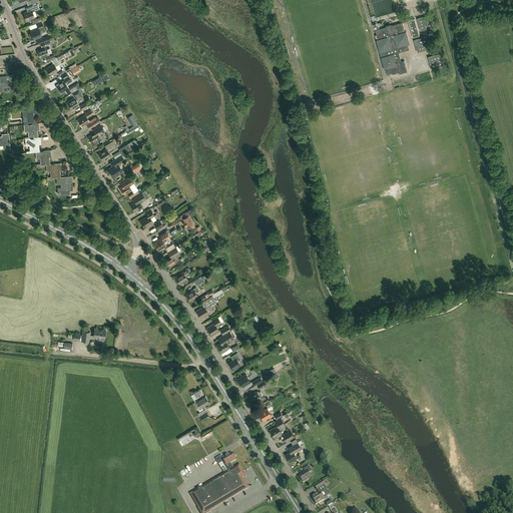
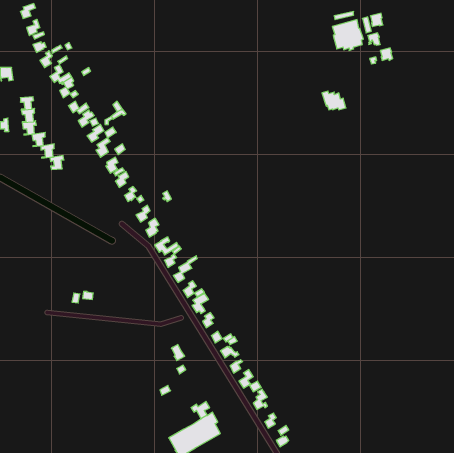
building: [380,54,407,75] -> [322,91,346,110]

